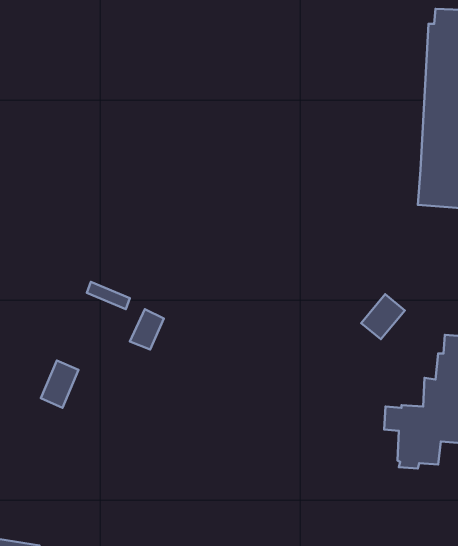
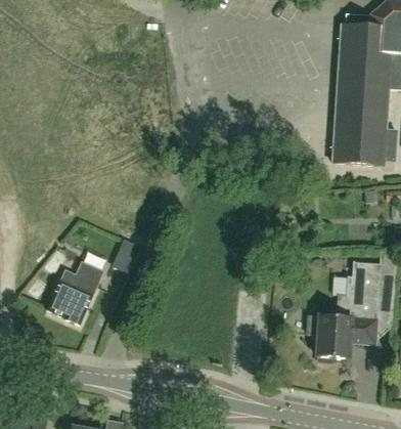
building: [361,294,405,339] -> none
building: none -> [63,260,104,325]

